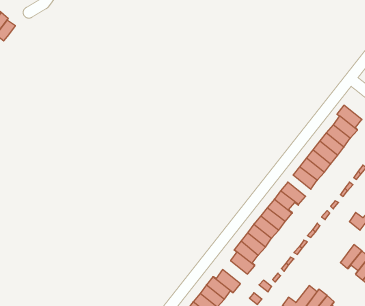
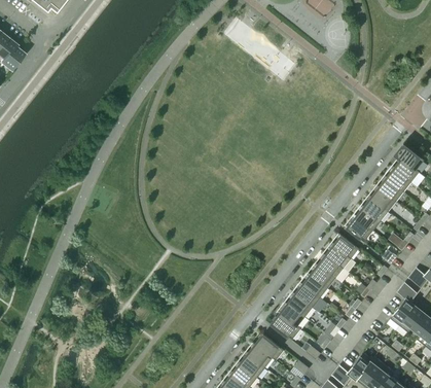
building: none -> [390,284,418,326]

